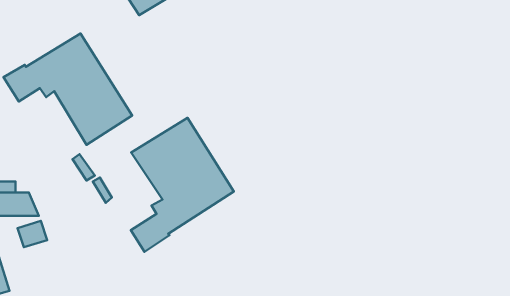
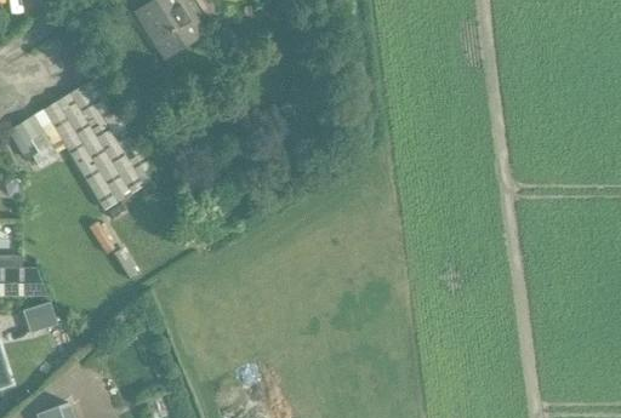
building: [131,118,234,252] -> none

